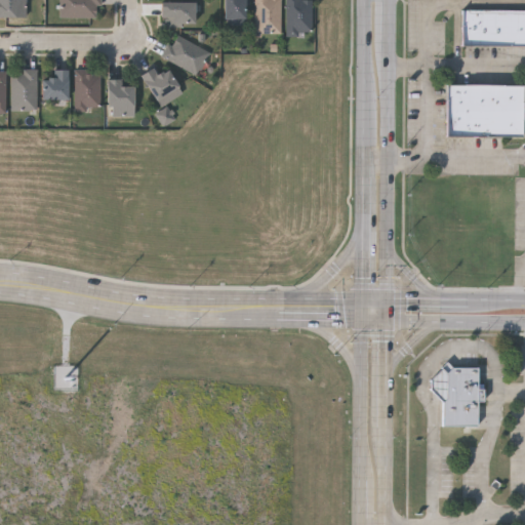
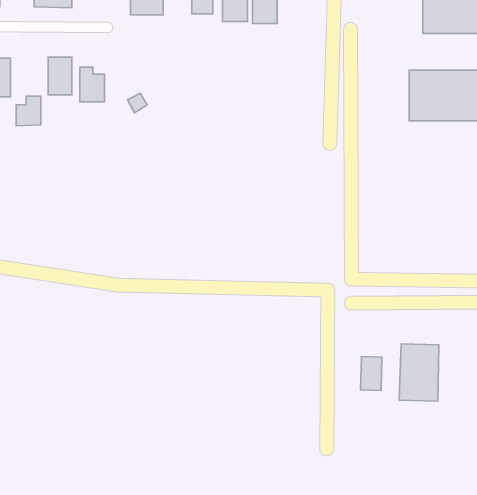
building: [163,33,210,74] -> none
building: [142,68,183,106] -> none
building: [43,69,69,99] -> [16,96,41,126]
building: none -> [361,357,382,390]

